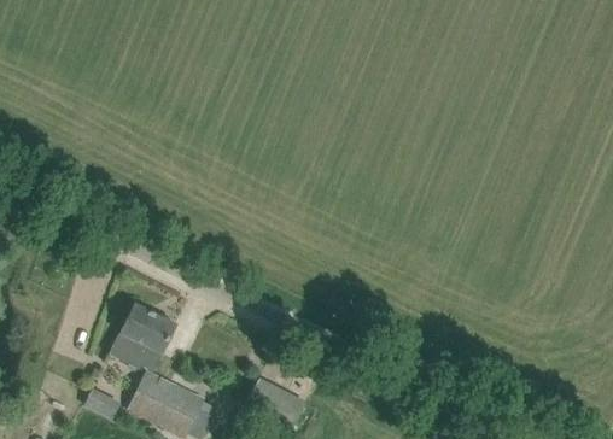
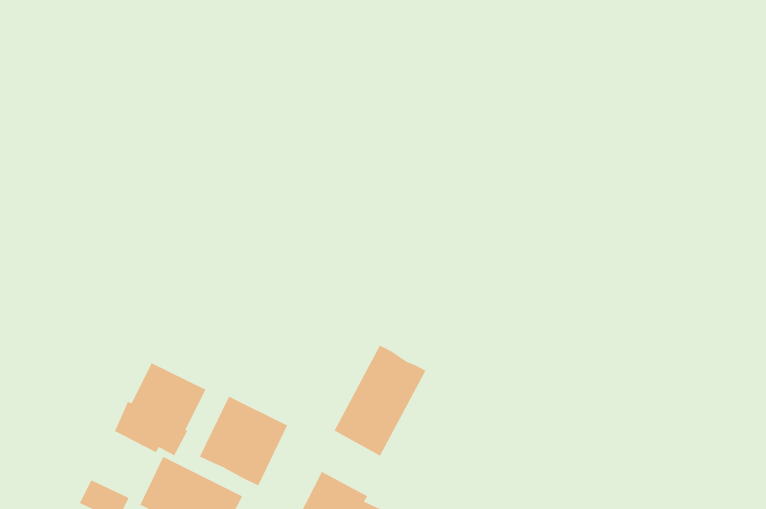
building: none -> [334,345,426,456]
building: none -> [199,396,288,486]

